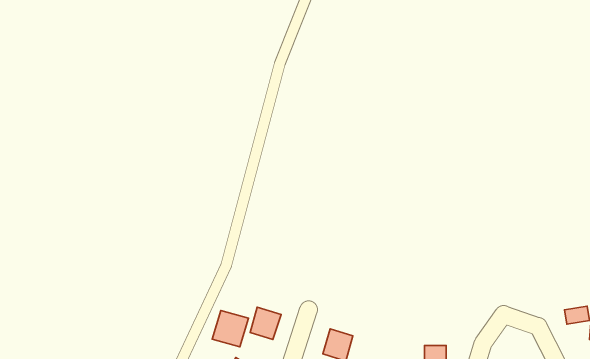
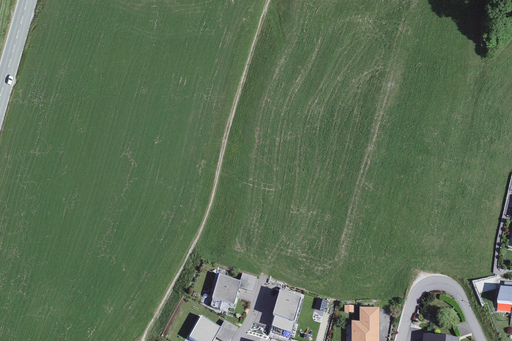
building: [212,311,248,347] -> none

